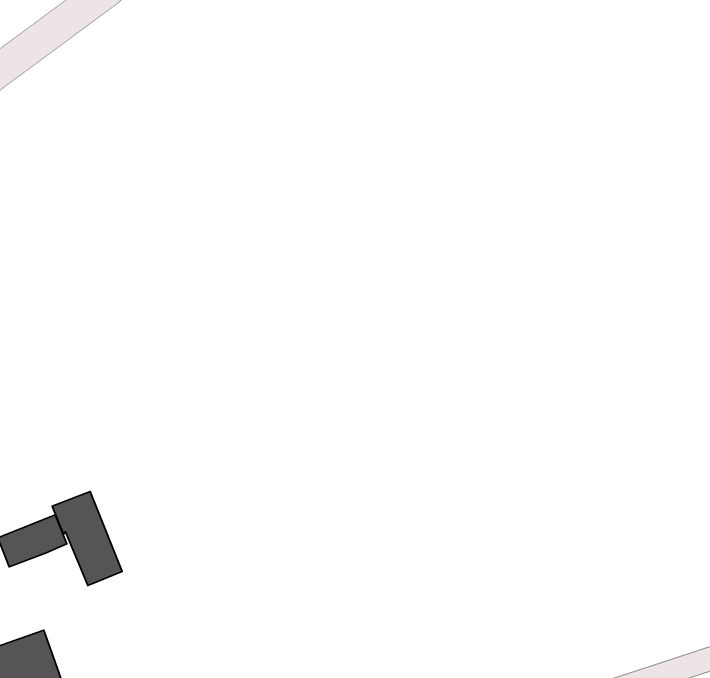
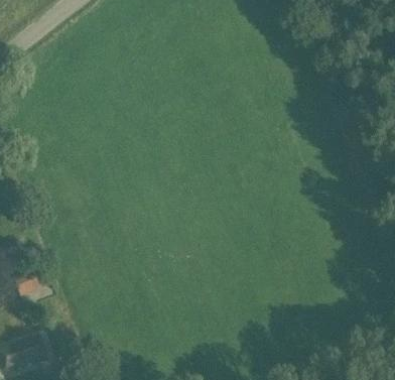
building: [52,491,122,585] -> none

